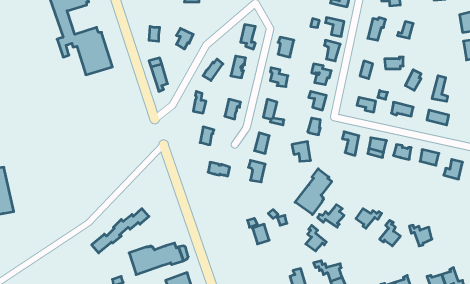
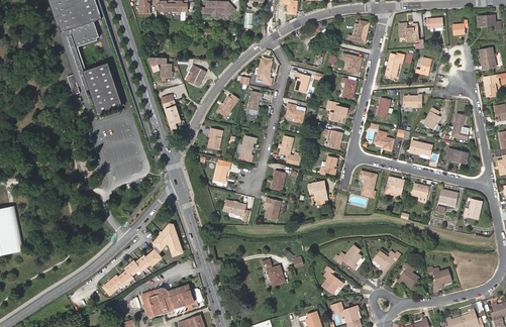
building: [295,169,332,215] -> none
building: none -> [153,224,182,255]

